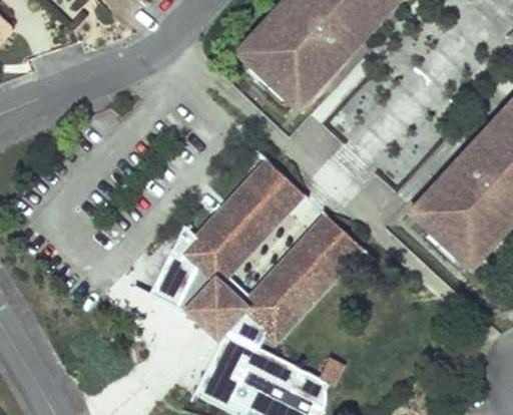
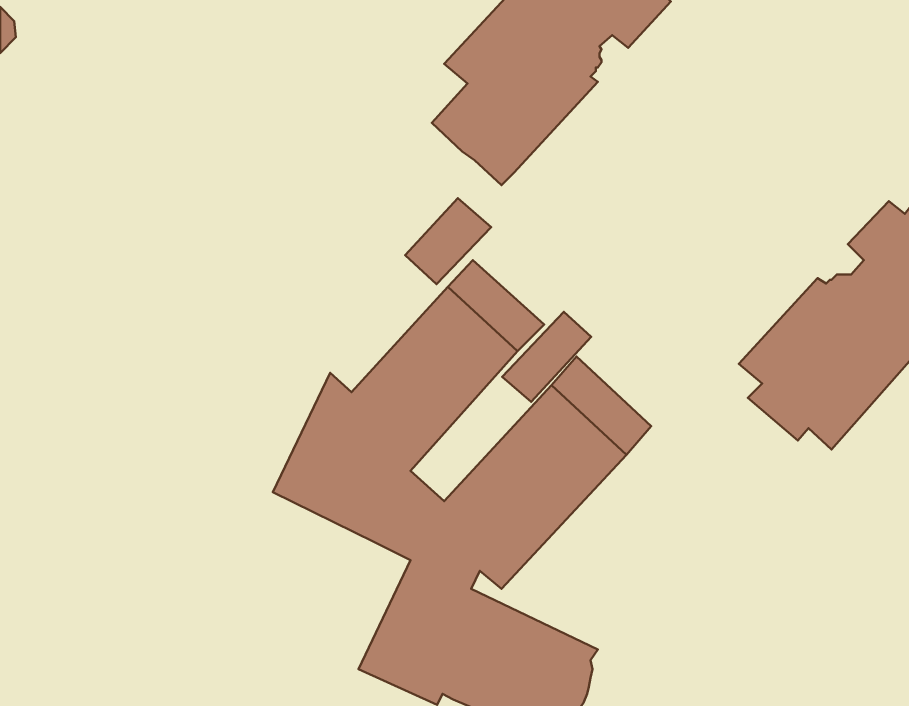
building: none -> [405,198,491,284]
building: none -> [502,312,591,402]

